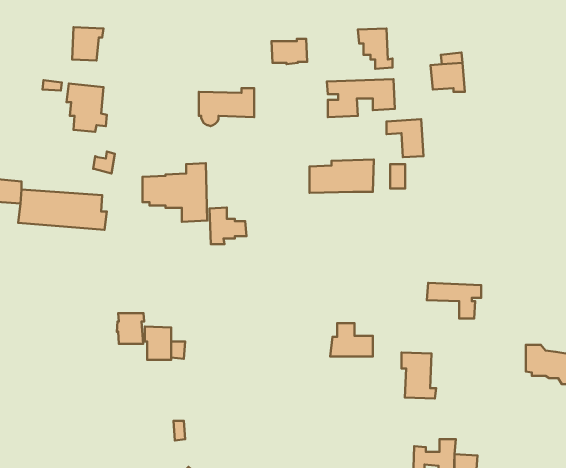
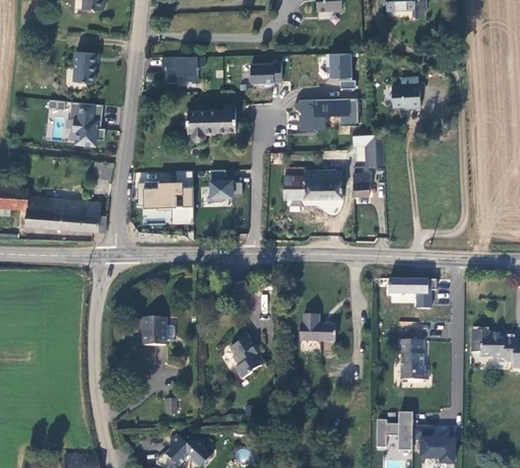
building: none -> [159,56,202,81]
building: [210,207,246,244] -> [209,171,242,203]
building: [117,313,144,344] -> none
building: none -> [231,337,260,382]
building: [402,353,436,399] -> [398,341,429,382]

